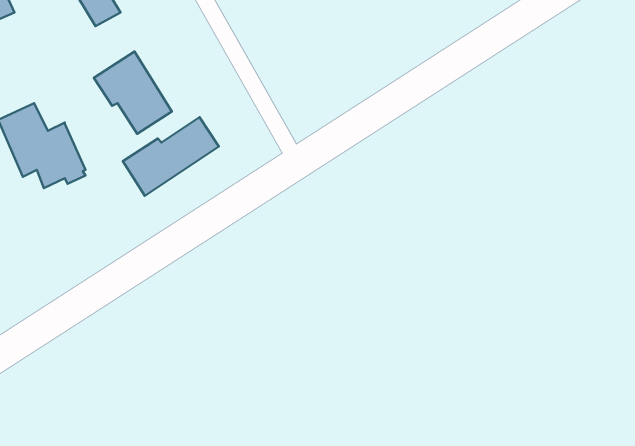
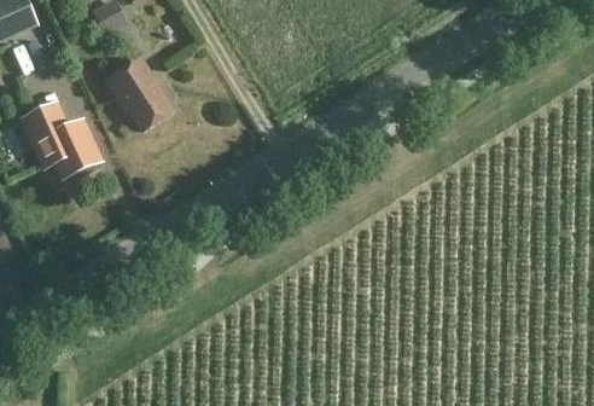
building: [123,117,219,196] -> none

